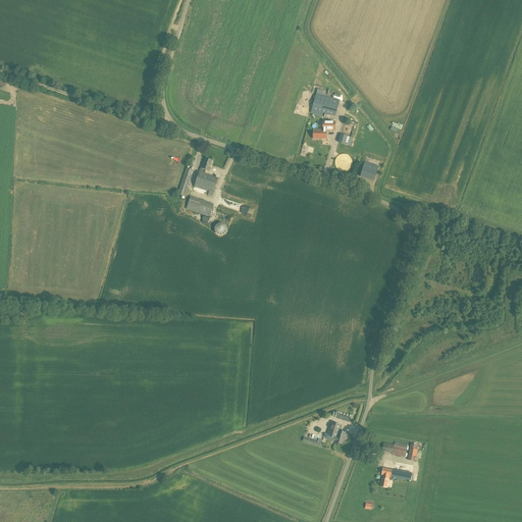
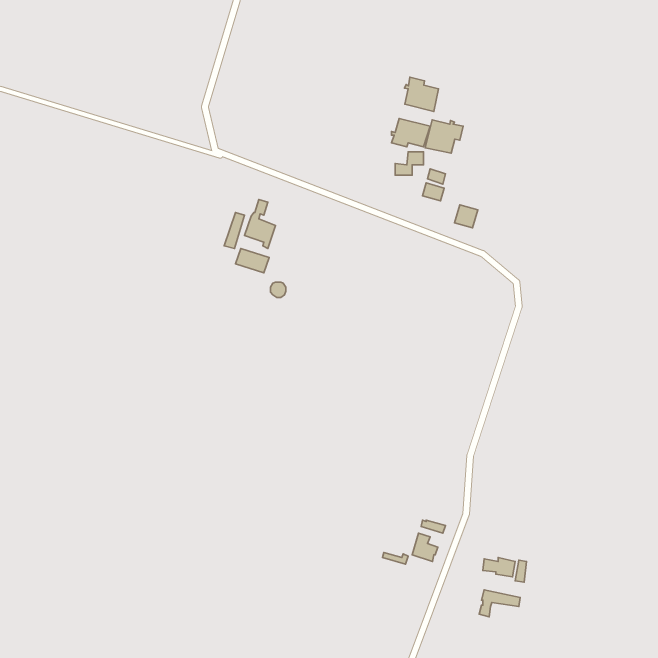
building: none -> [404,77,438,111]
building: none -> [425,120,463,153]

